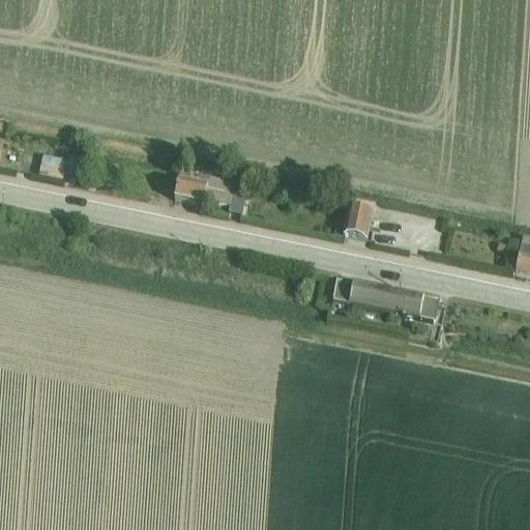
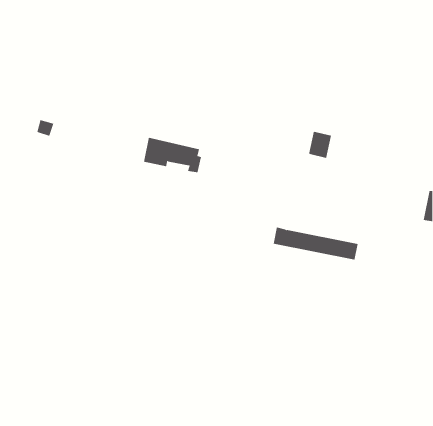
building: [344,205,373,238] -> [308,131,332,158]

